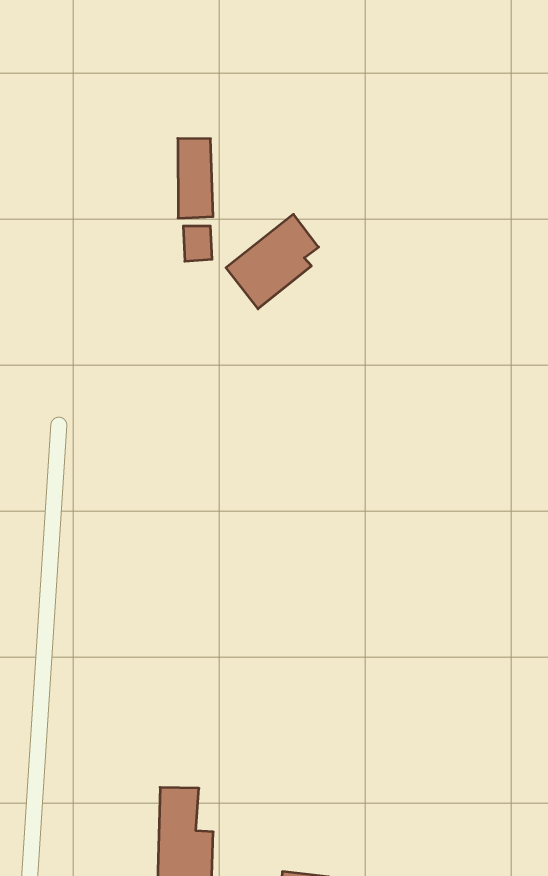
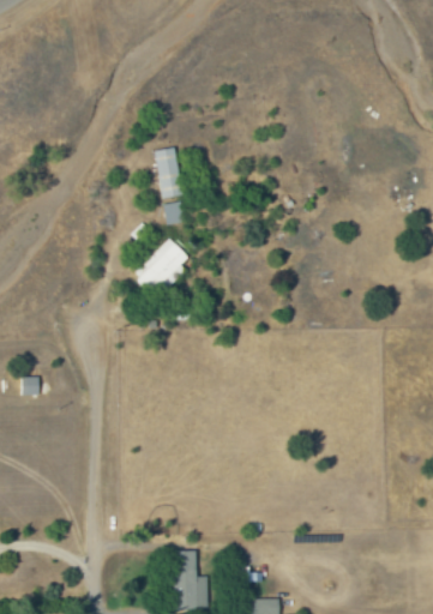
building: [226,214,319,309] -> [131,237,187,297]

